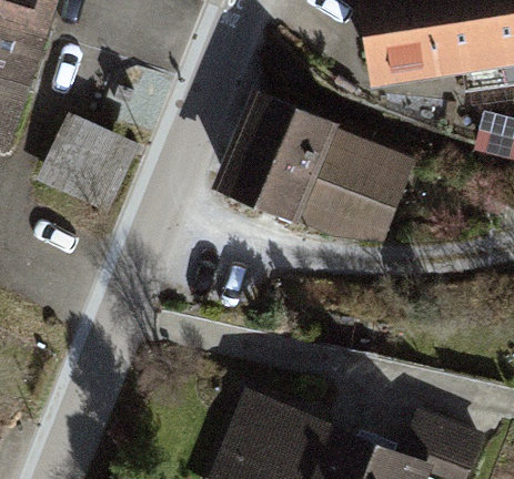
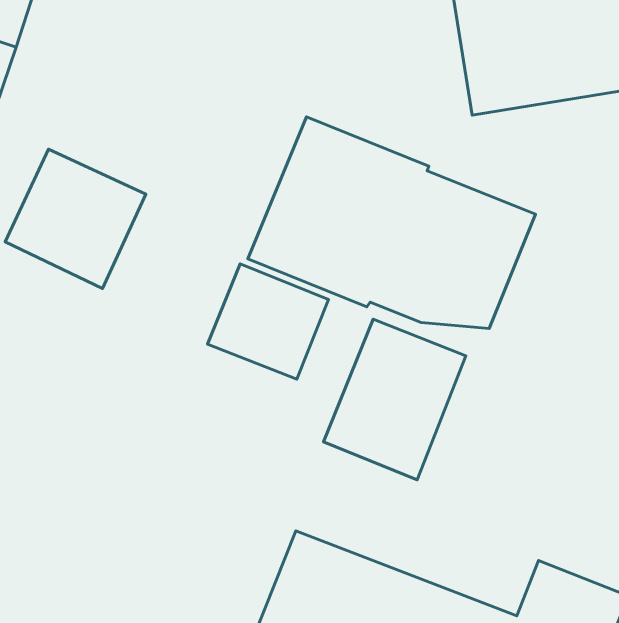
building: none -> [208,264,328,379]
building: none -> [324,319,466,480]

